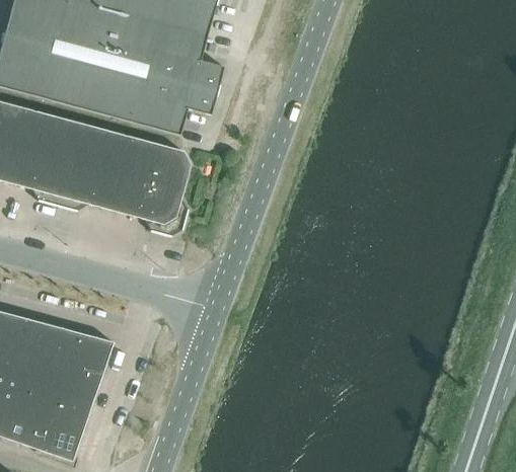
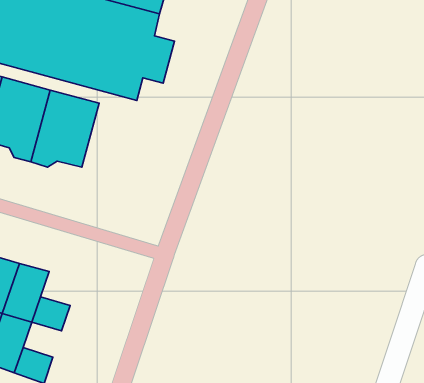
building: [116,137,190,236] -> none
building: [68,331,113,371] -> none
building: [48,390,92,430] -> none

